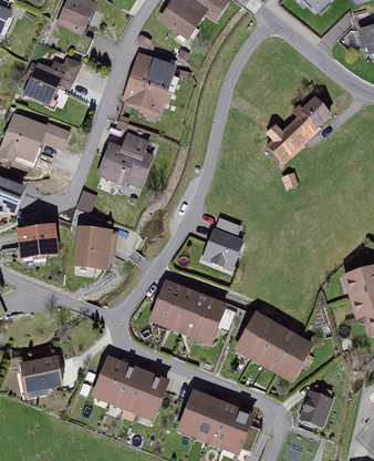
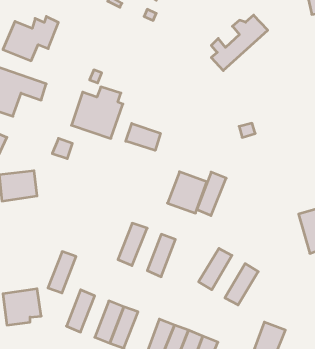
building: [122,52,177,112] -> none
building: [269,98,331,158] -> [211,15,268,71]
building: none -> [126,123,160,150]
building: [74,226,115,272] -> none
building: [163,288,195,335] -> none
building: [195,300,227,348] -> [197,172,226,216]
building: [250,318,287,365] -> none
building: [279,336,315,381] -> none
building: [106,362,137,408] -> [48,252,76,293]

